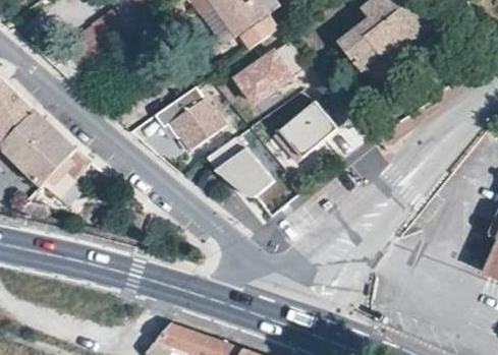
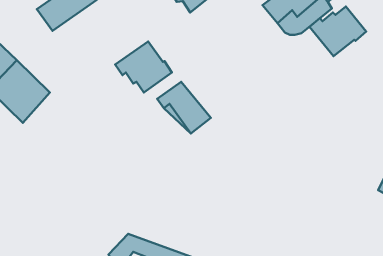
building: [236,42,307,103] -> none
building: none -> [310,6,366,56]
building: [274,100,336,160] -> none
building: [40,149,87,205] -> none

